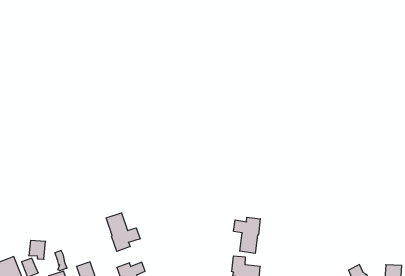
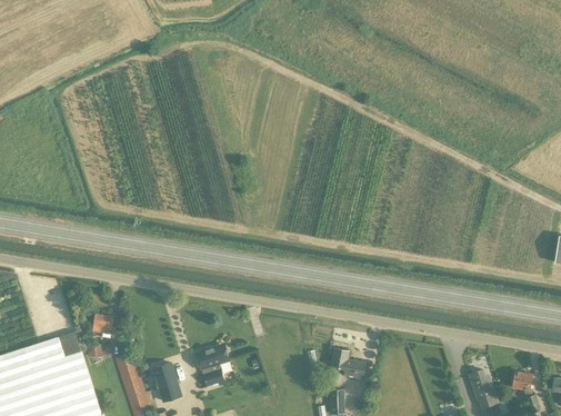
building: [106,213,140,251] -> none
building: [234,217,260,253] -> none

